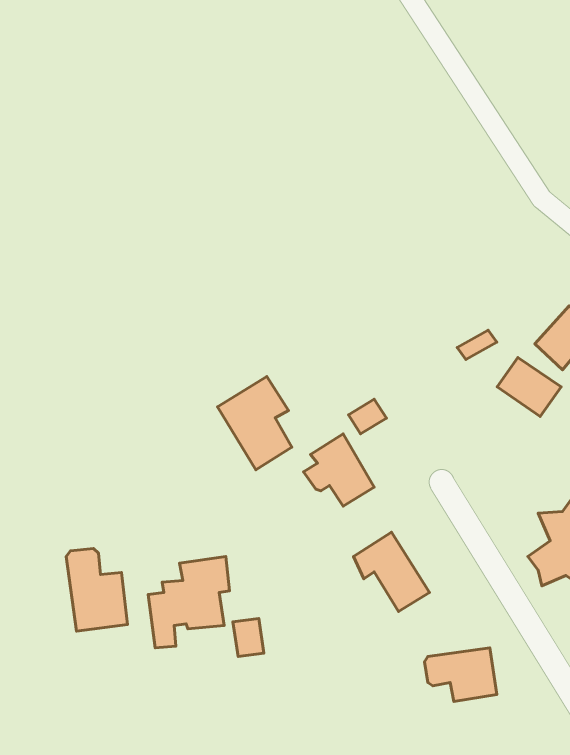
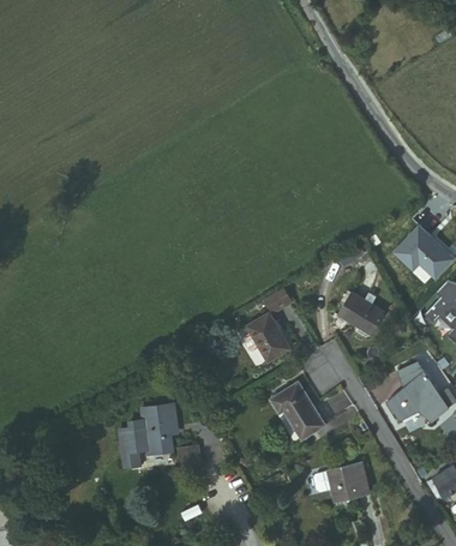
building: [497,358,561,416] -> [340,296,384,337]
building: [218,376,292,470] -> none
building: [66,548,128,631] -> none

